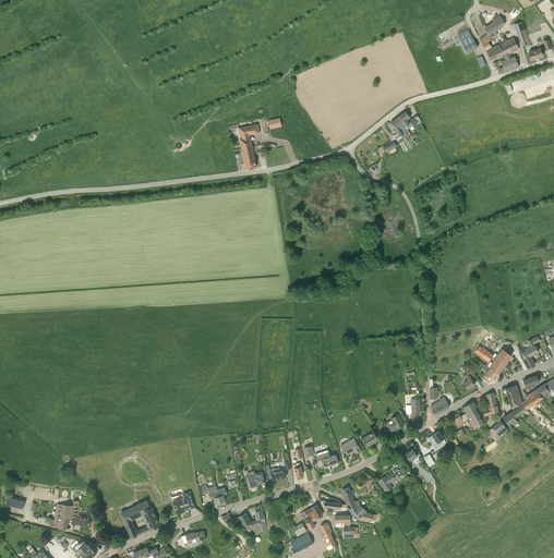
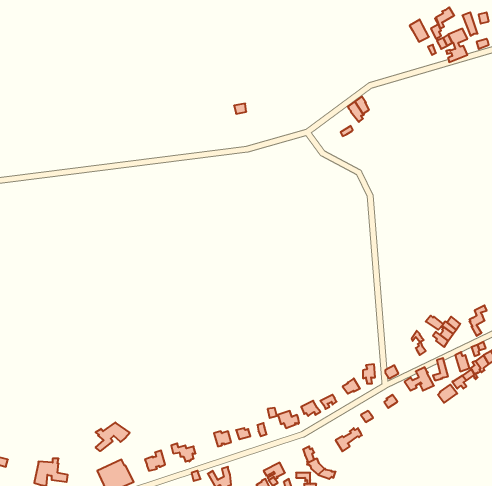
building: [239,123,260,169] -> none
building: none -> [96,422,130,451]

